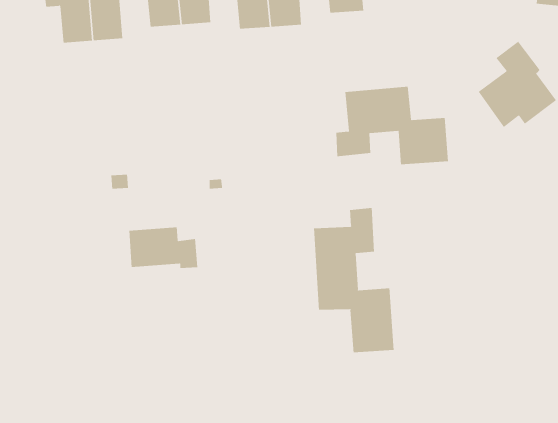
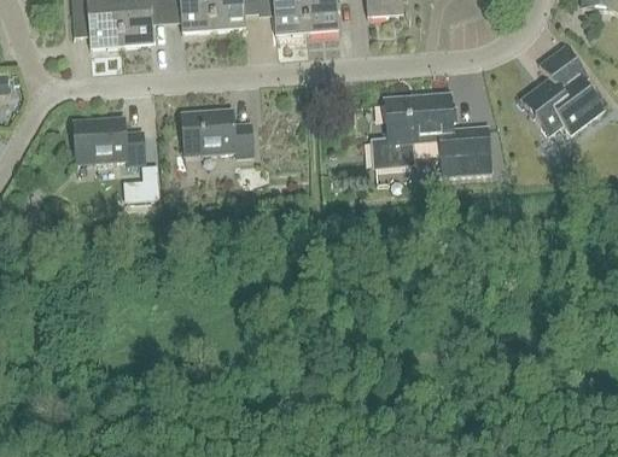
building: none -> [74,118,146,163]
building: [314,207,394,353] -> none
building: [129,227,198,269] -> [181,111,253,154]

